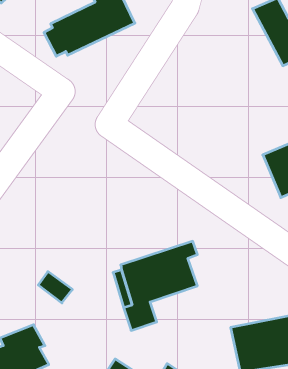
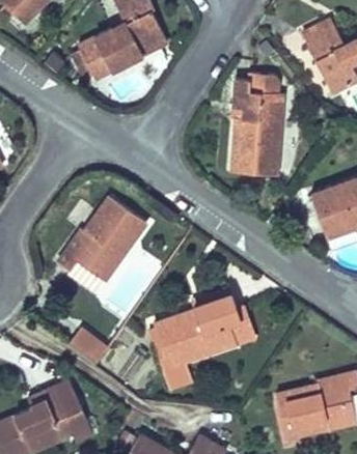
building: none -> [226,84,280,186]
building: none -> [54,185,146,287]

